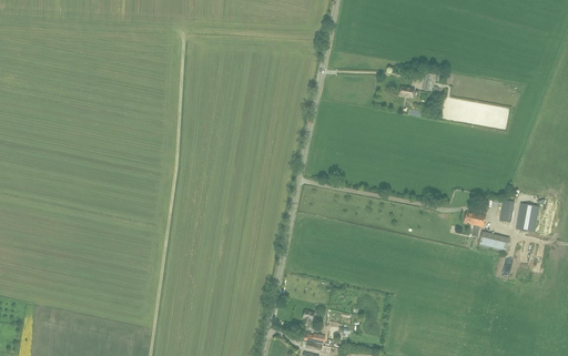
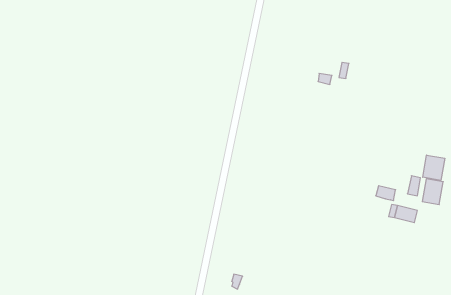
building: none -> [423,155,445,180]

